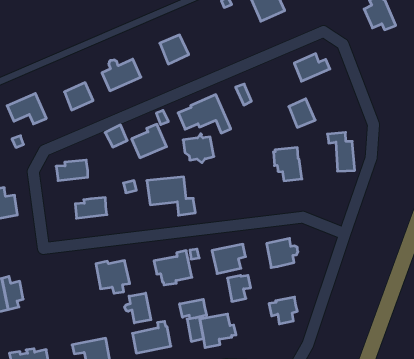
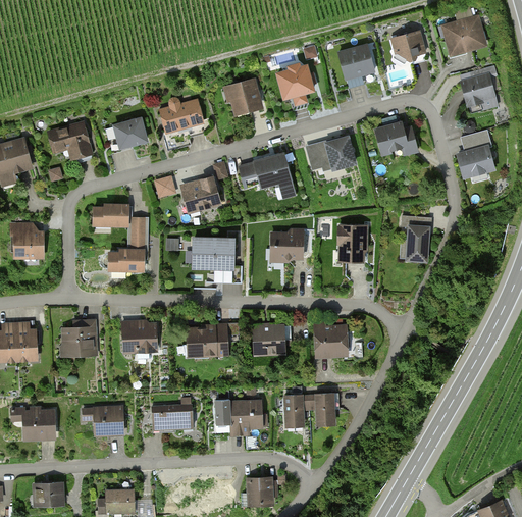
building: none -> [277,63,313,97]
building: none -> [459,130,493,176]
building: [289,99,315,127] -> [327,137,355,167]
building: [183,134,214,163] -> [271,228,303,261]
building: none -> [127,217,149,260]
building: none -> [63,320,95,351]
building: [227,275,251,301] -> [285,394,310,421]
building: [125,293,151,323] -> none
building: [180,299,207,319] -> none

